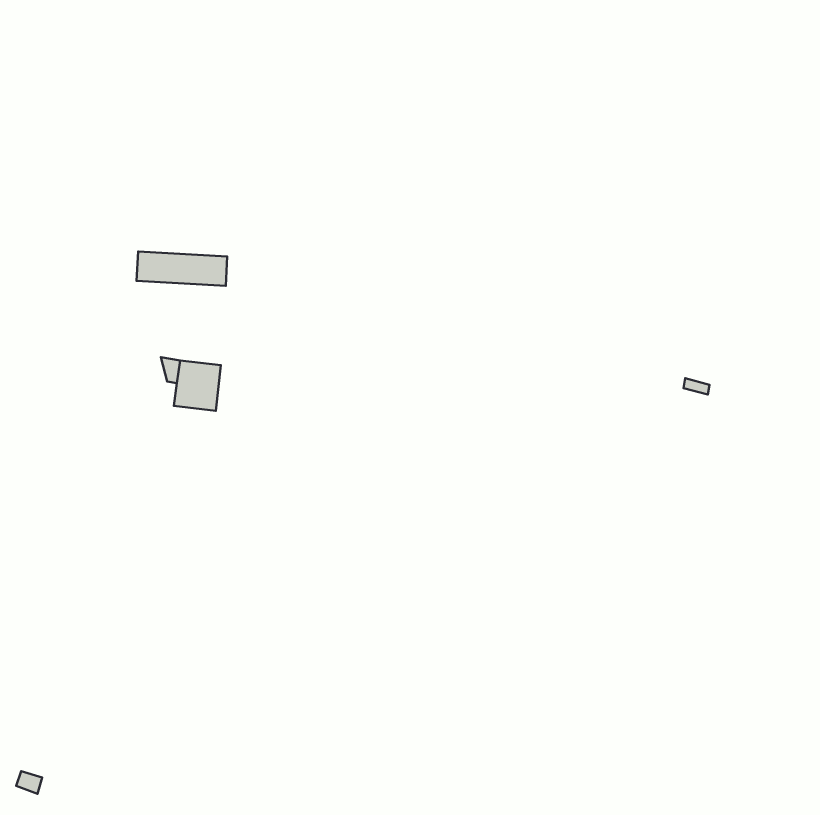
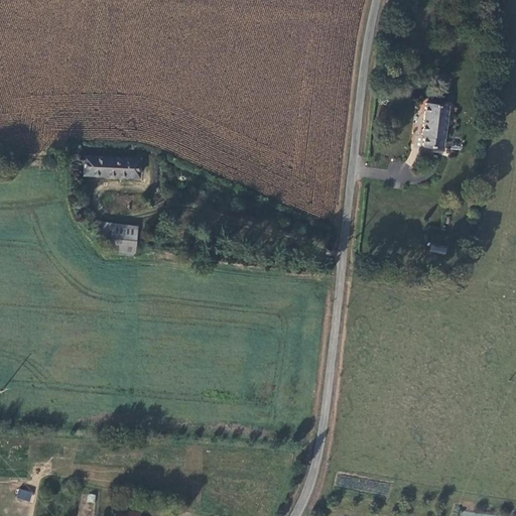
building: none -> [423,106,449,150]

